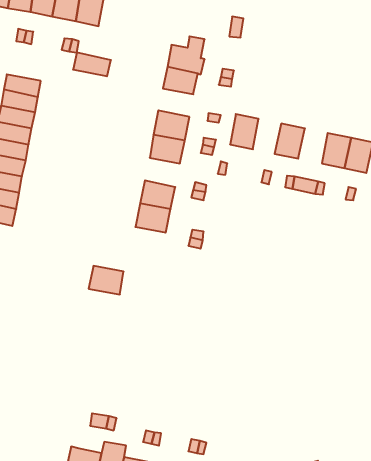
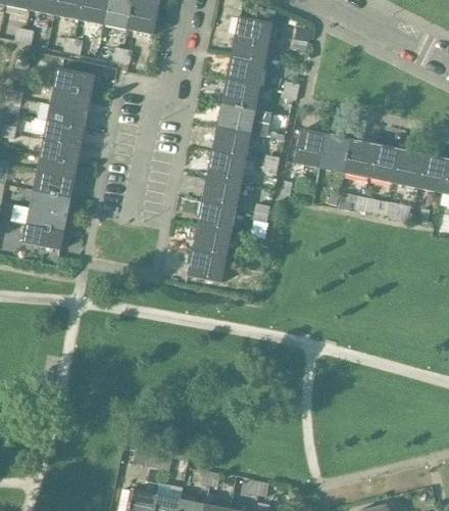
building: none -> [232,17,276,58]
building: [73,53,111,76] -> [54,68,95,94]
building: none -> [218,102,270,136]
building: none -> [319,135,350,173]
building: none -> [368,145,400,183]
building: none -> [203,177,241,208]
building: [89,266,124,294] -> [188,251,226,282]

